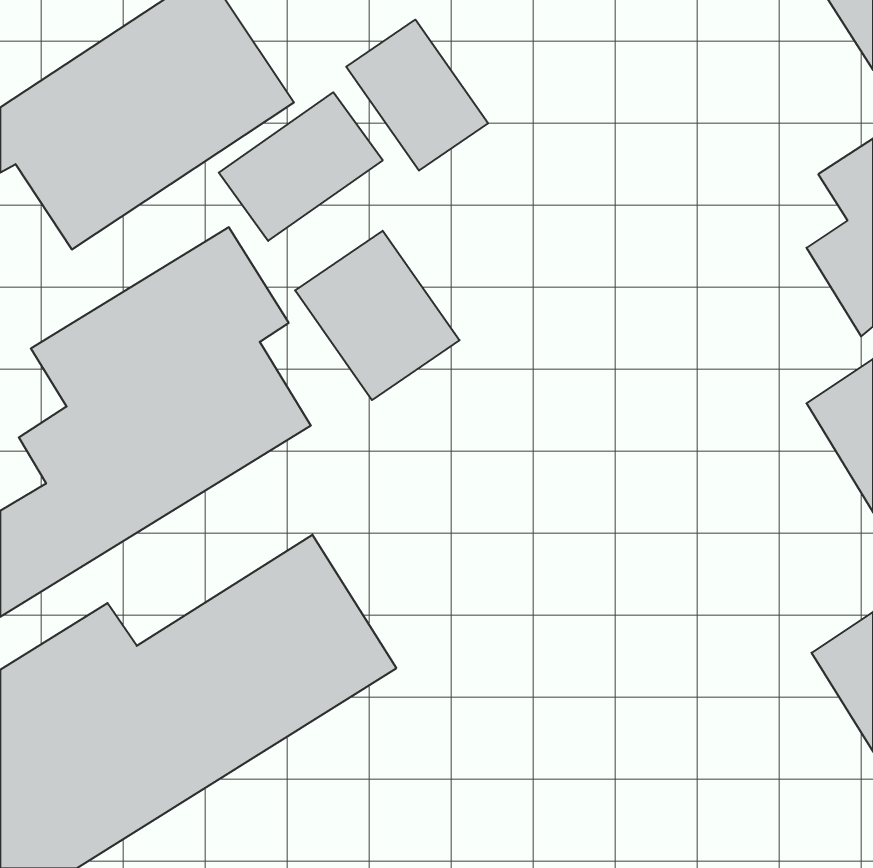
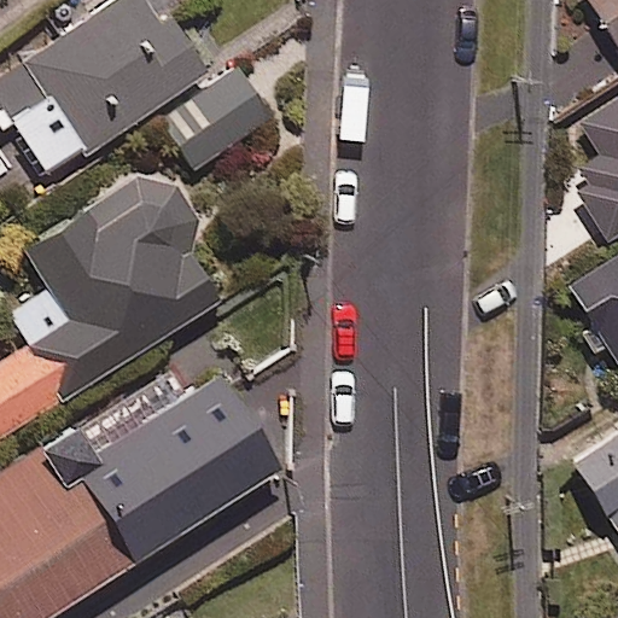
building: [346,20,488,171] -> none
building: [295,231,460,400] -> none

